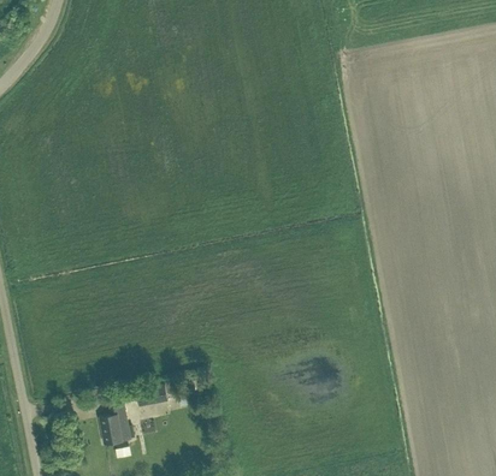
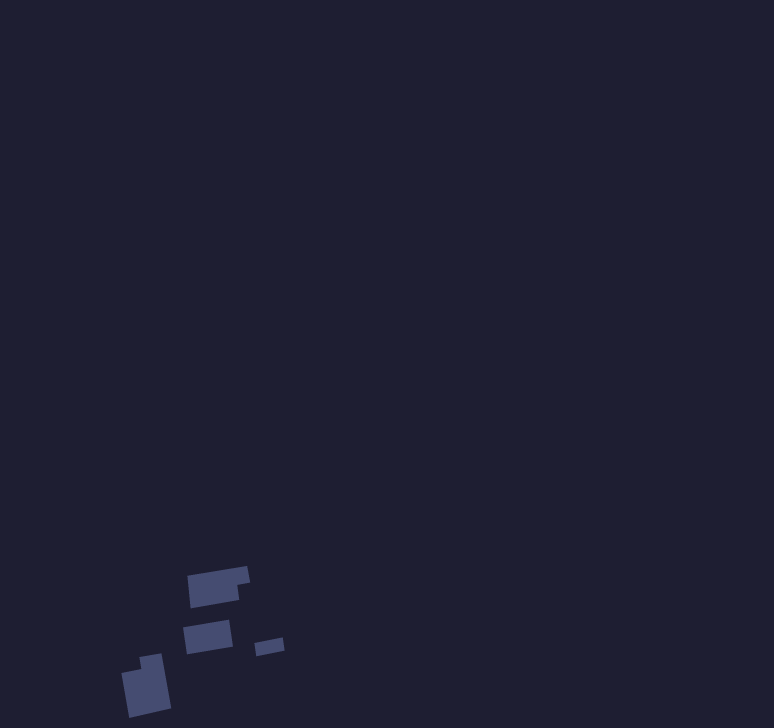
building: none -> [187,565,251,609]

